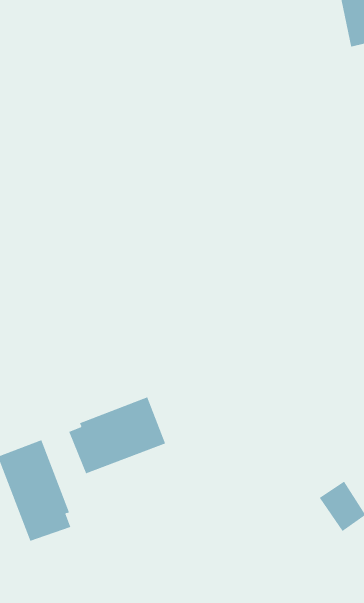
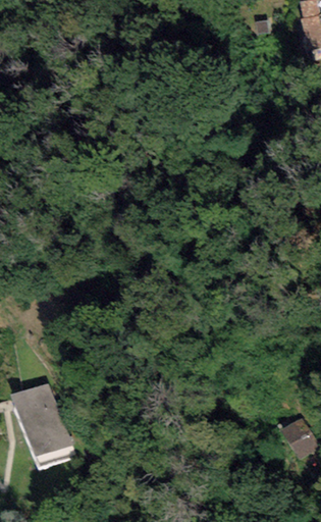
building: [68,397,166,474] -> none

